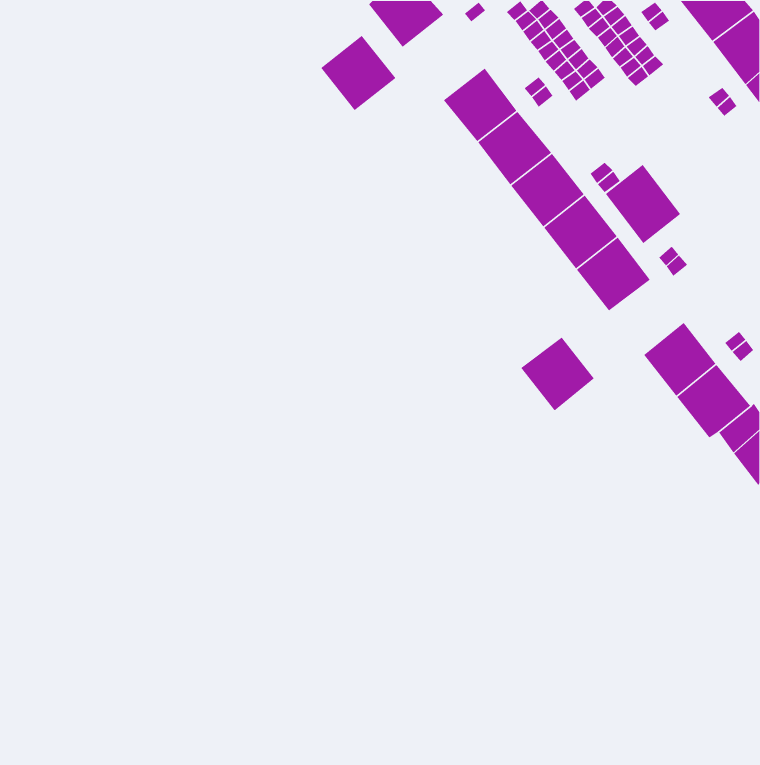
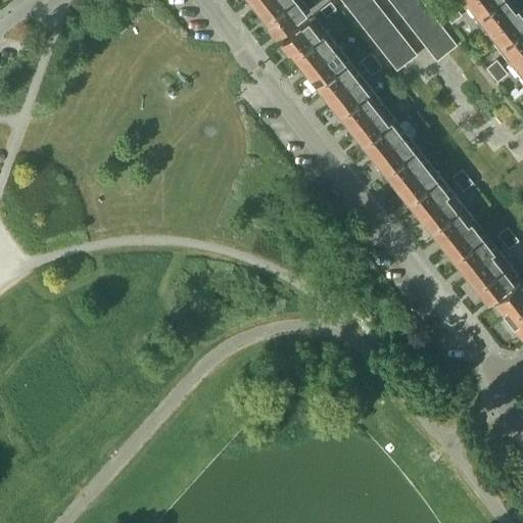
building: [320,35,396,111] -> [279,16,331,68]
building: [605,164,681,244] -> none
building: [520,337,595,411] -> [416,191,467,242]

